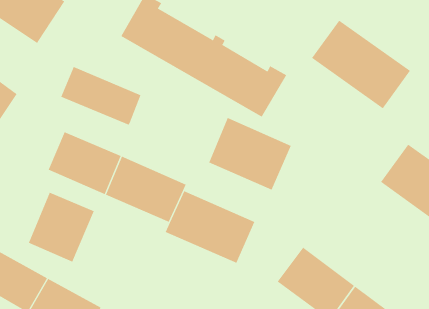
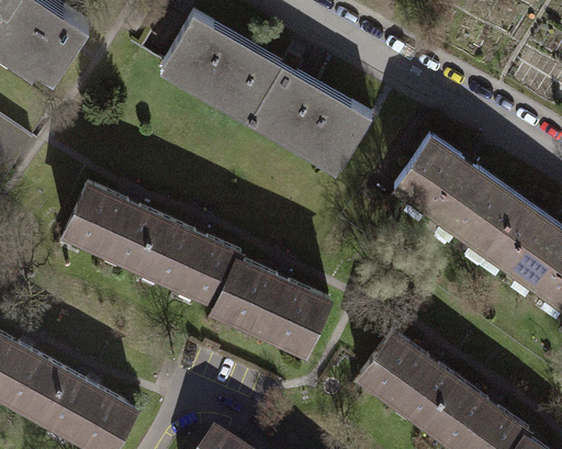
building: [311,20,411,109] -> [396,138,522,251]
building: [61,66,141,125] -> none
building: [208,117,291,190] -> none
building: [28,192,94,262] -> none

